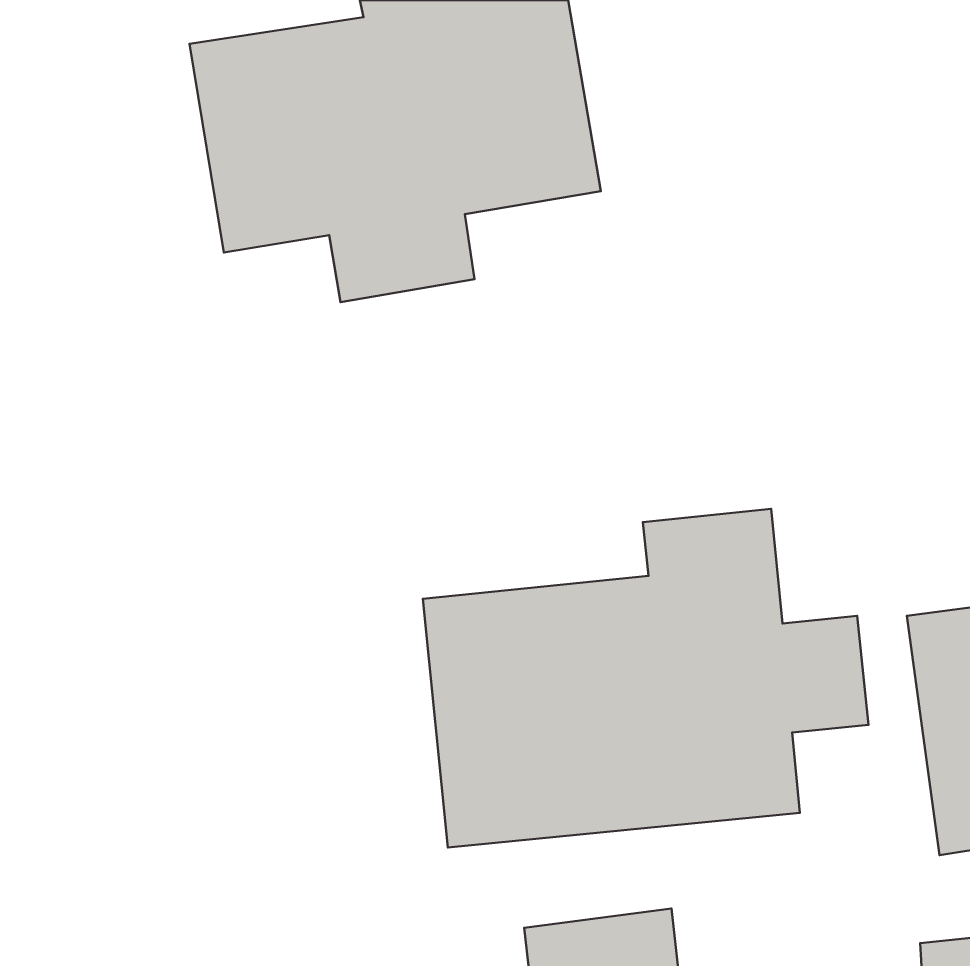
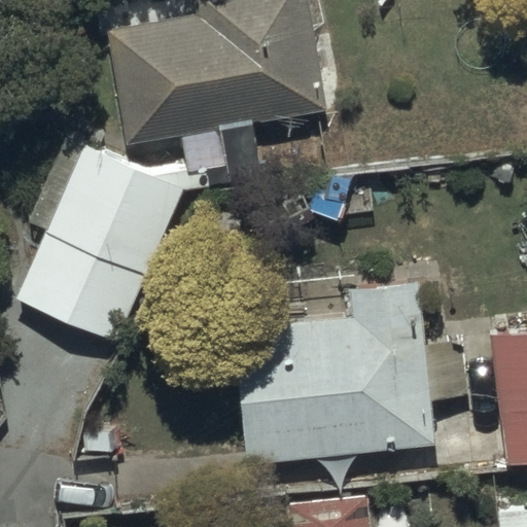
building: none -> [20,137,184,342]

